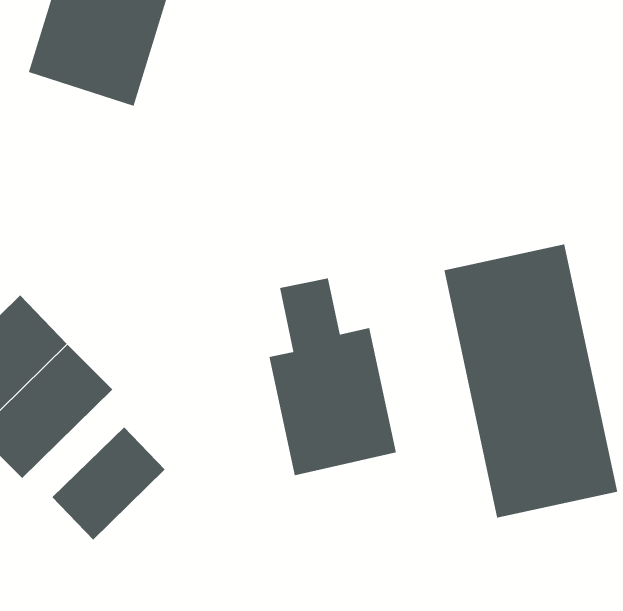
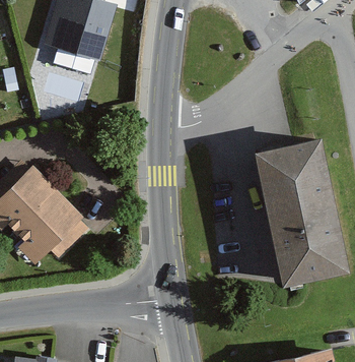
building: [269,278,397,476] -> none
building: [52,426,166,540] -> none

